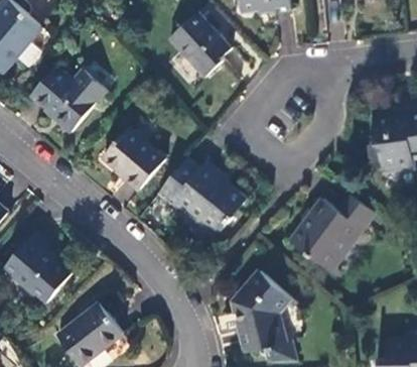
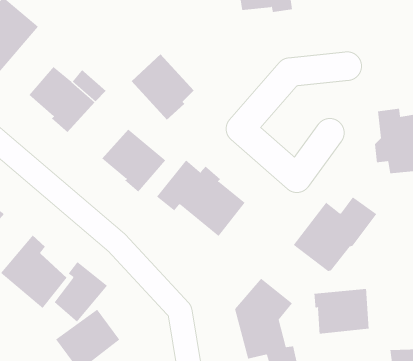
building: [169,11,232,77] -> [131,54,195,120]
building: none -> [54,261,108,323]
building: none -> [314,288,369,335]

